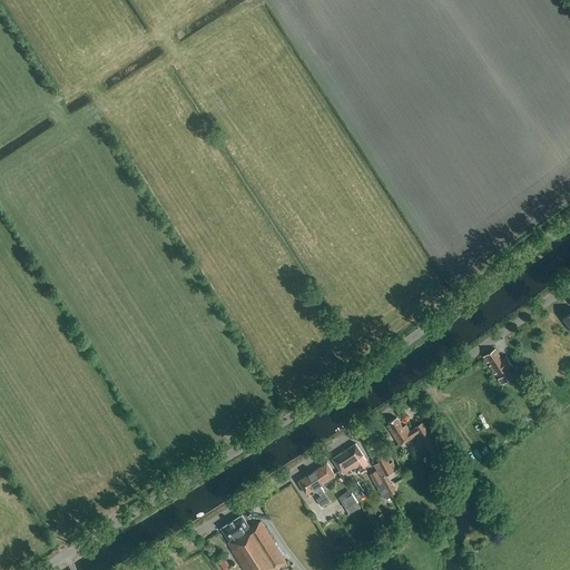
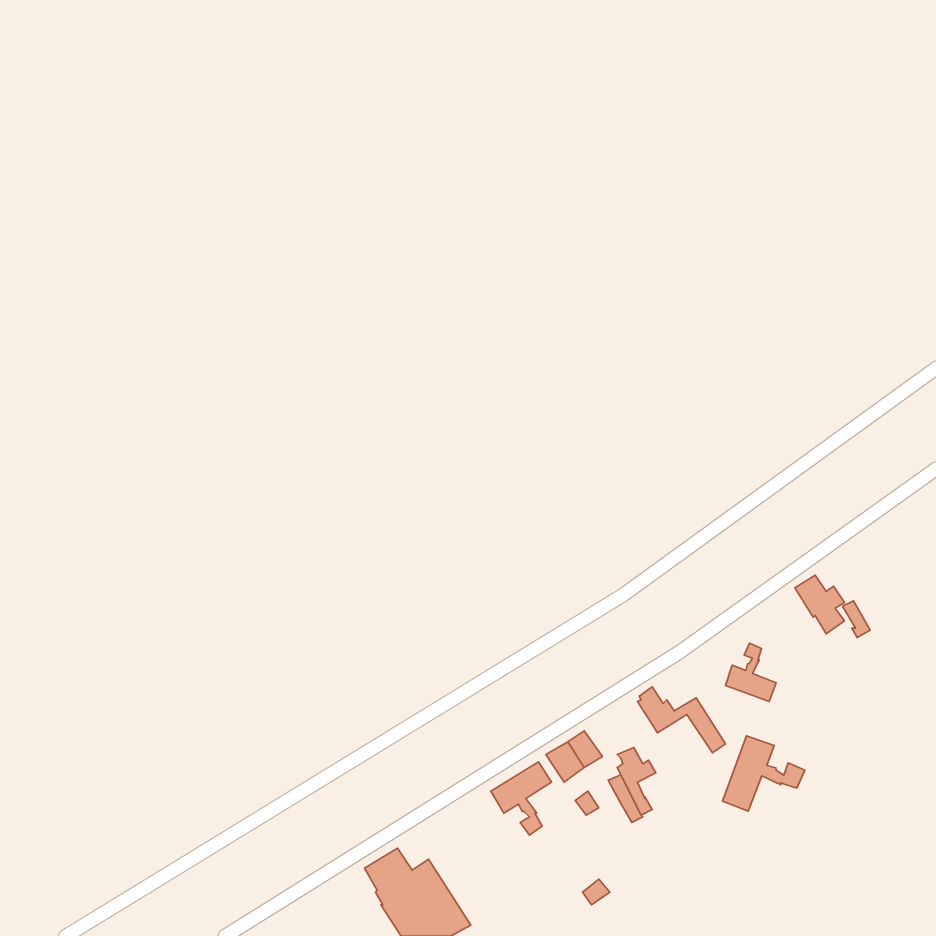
building: none -> [725,643,776,701]
building: none -> [723,736,805,811]

